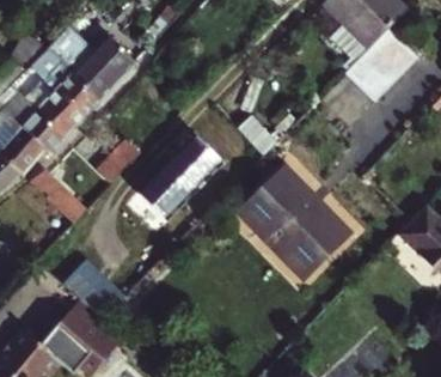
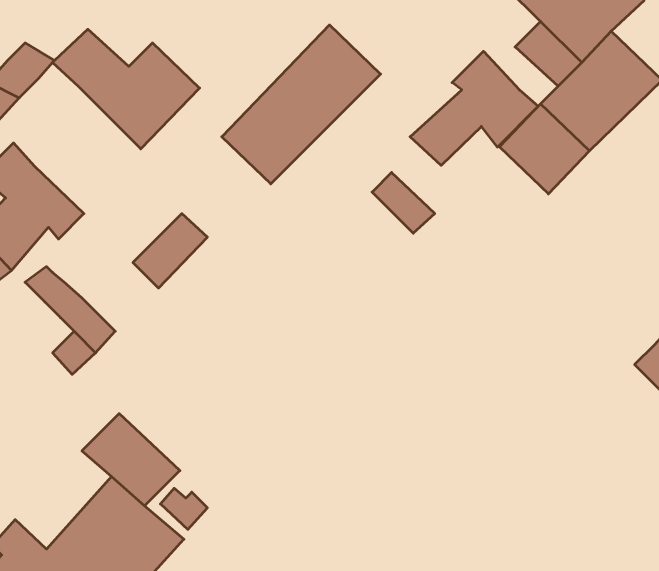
building: none -> [410,51,538,165]
building: [35,61,99,139] -> none
building: [127,133,223,230] -> [222,25,381,184]
building: [239,165,349,275] -> none

